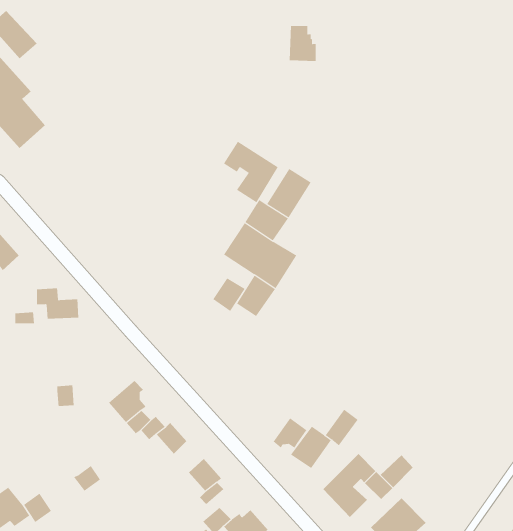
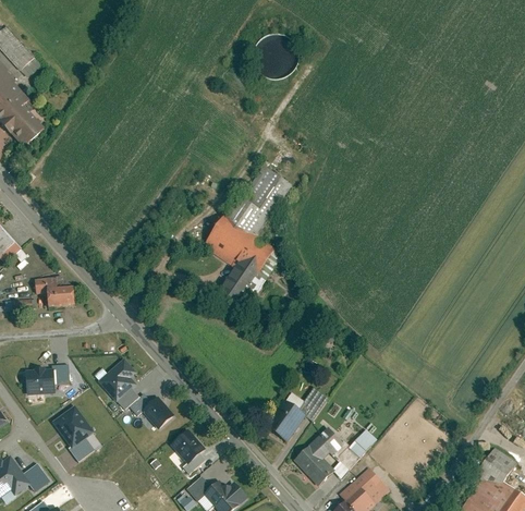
building: [223,141,279,203] -> none
building: [213,278,246,312] -> none
building: none -> [27,370,54,394]
building: [273,417,307,449] -> none
building: none -> [56,410,93,448]

